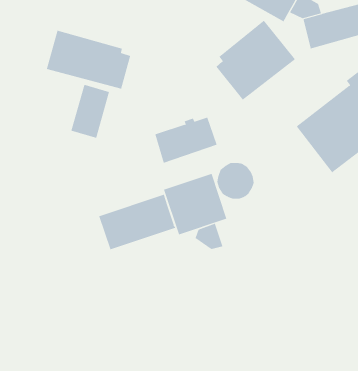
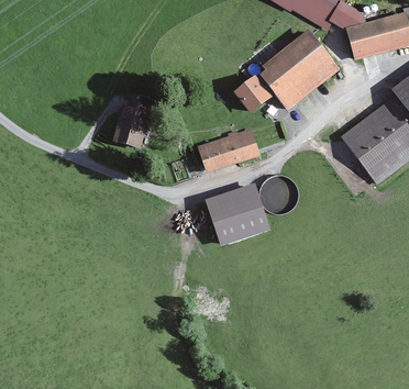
building: [46,30,131,89] -> none
building: none -> [233,76,273,114]
building: [98,194,176,250] -> none
building: [195,223,223,250] -> none

